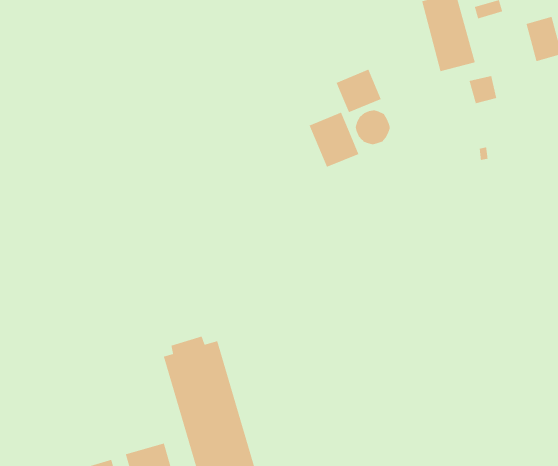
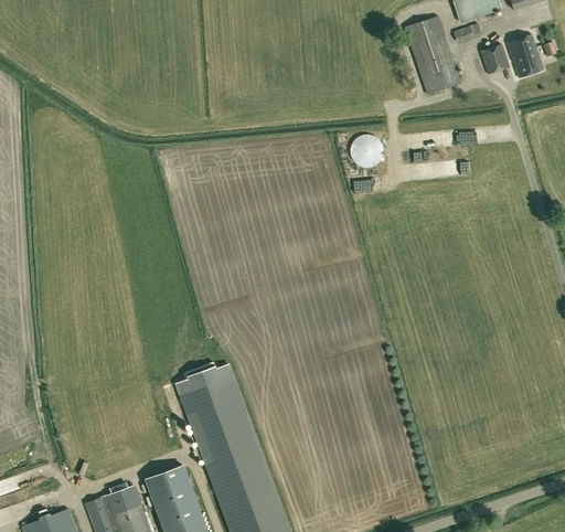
building: [335,69,382,113] -> none
building: [469,75,497,104] -> [480,45,509,74]
building: [308,112,360,168] -> none

